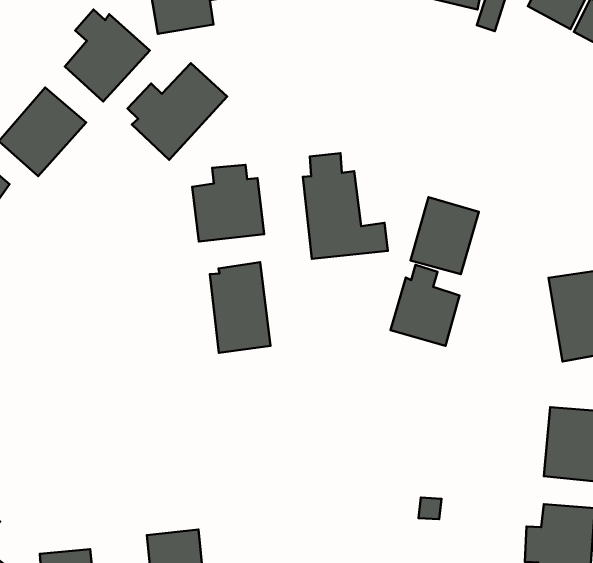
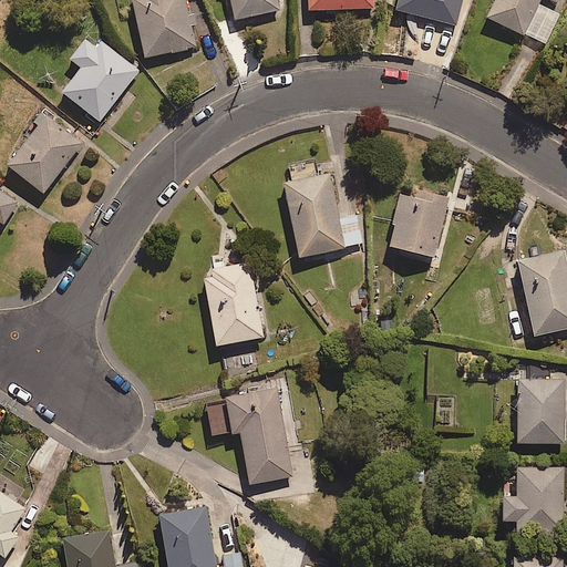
building: [128,63,227,160] -> none
building: [192,165,264,242] -> none
building: [390,265,460,346] -> none
building: none -> [210,386,292,484]

